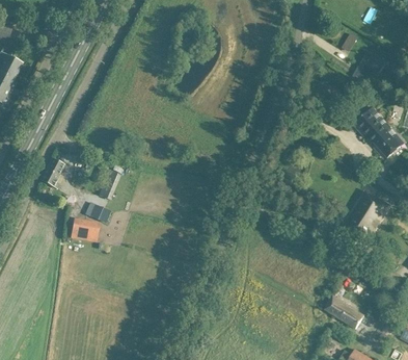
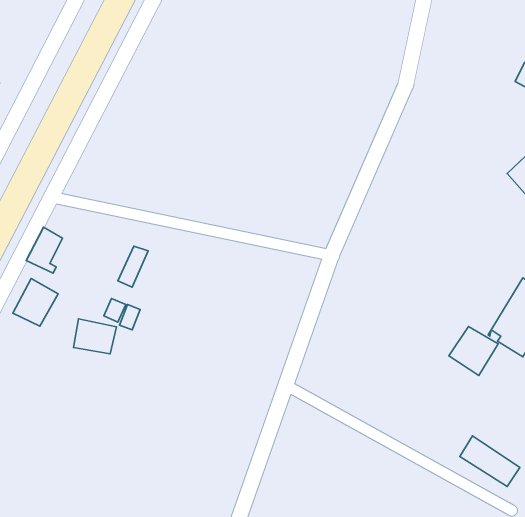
building: none -> [13,278,58,326]
building: none -> [449,326,498,376]

